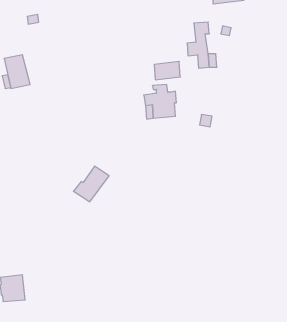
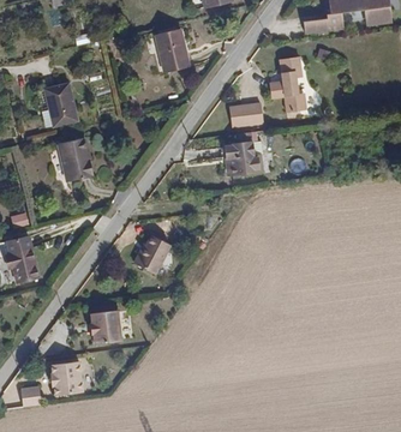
building: none -> [156,30,190,73]
building: none -> [59,138,95,184]
building: none -> [83,305,113,338]

